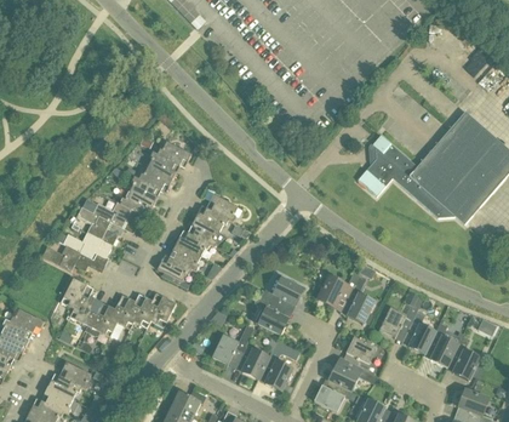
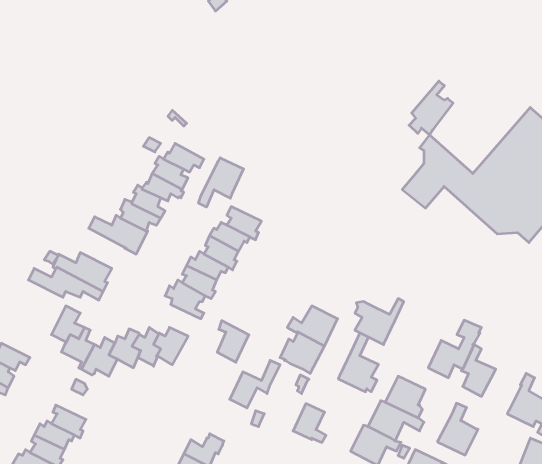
building: none -> [409,81,453,135]
building: none -> [199,158,244,207]
building: [75,205,124,245] -> none
building: [339,273,373,323] -> [338,333,378,392]
building: [423,321,457,365] -> [438,403,478,455]
building: [241,343,268,378] -> [217,321,249,362]

